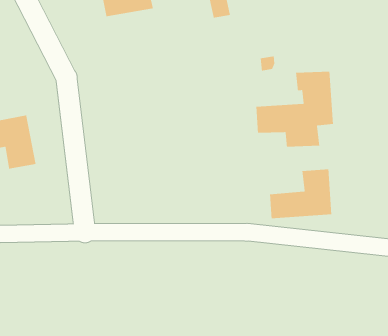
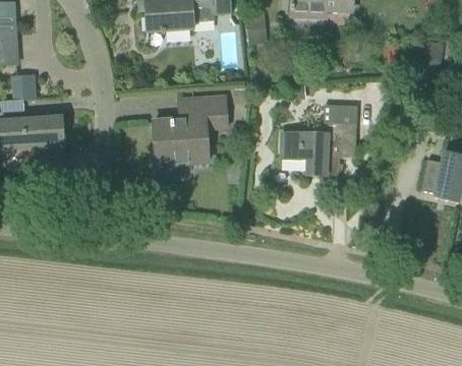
building: none -> [154,96,227,165]
building: [269,168,332,219] -> none

